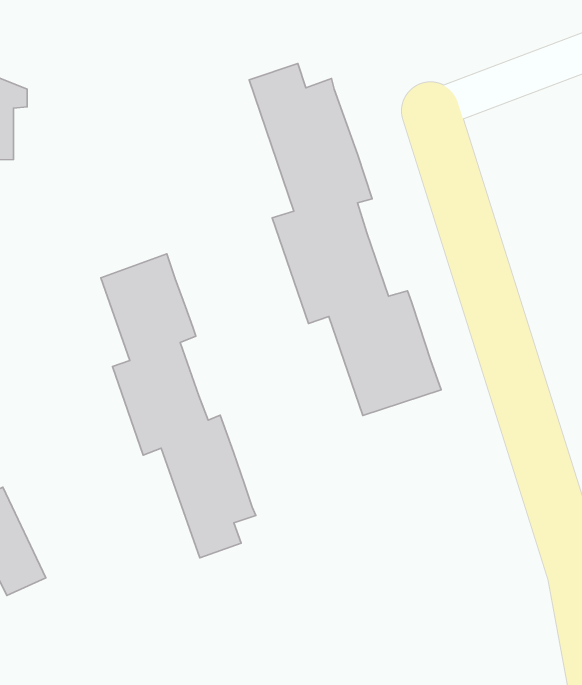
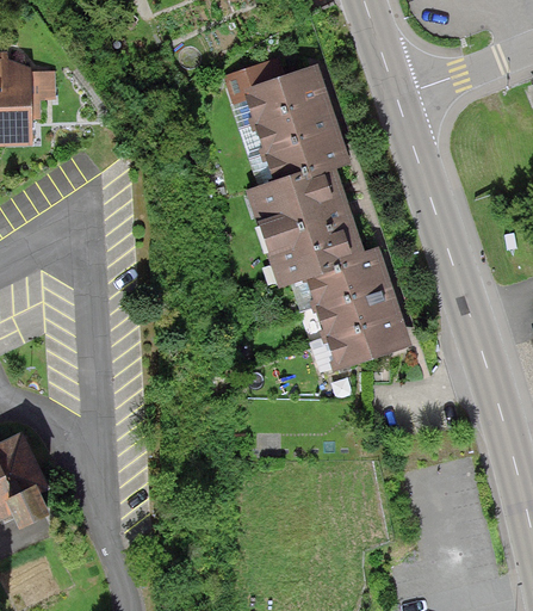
building: [101,254,256,558] -> none

